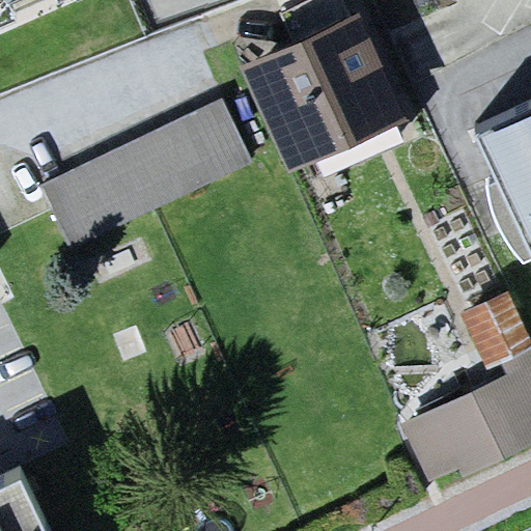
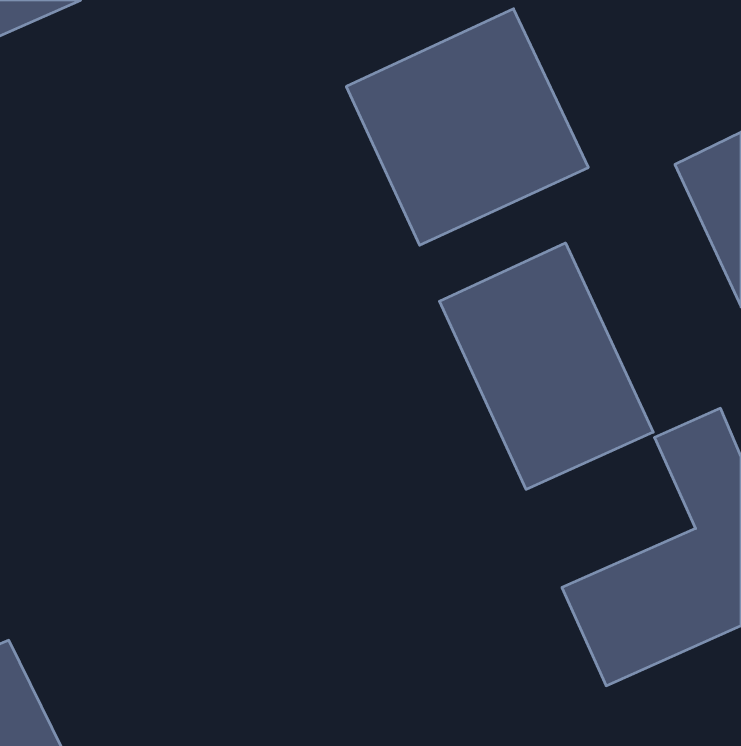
building: [39,100,253,248] -> none
building: none -> [439,243,653,489]

